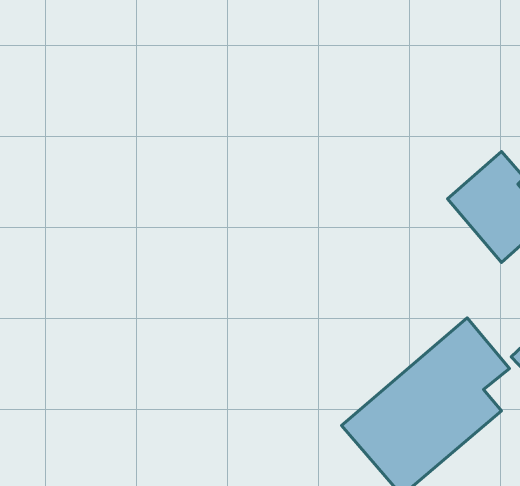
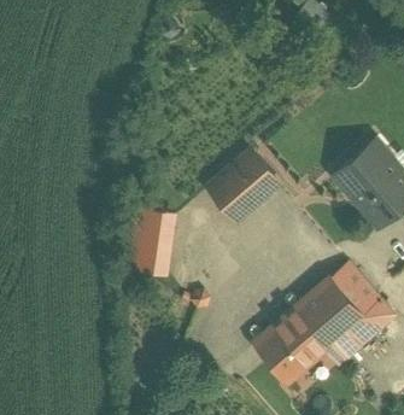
building: none -> [209,151,279,220]
building: none -> [124,208,166,273]

